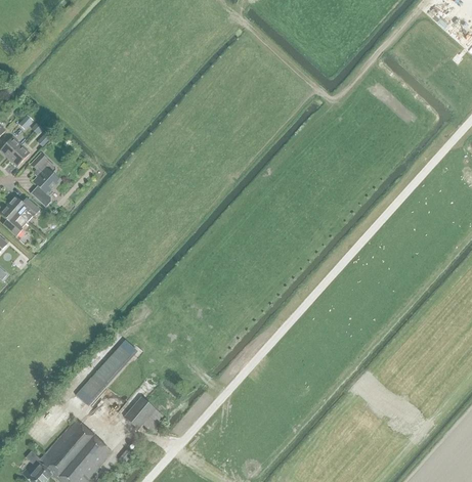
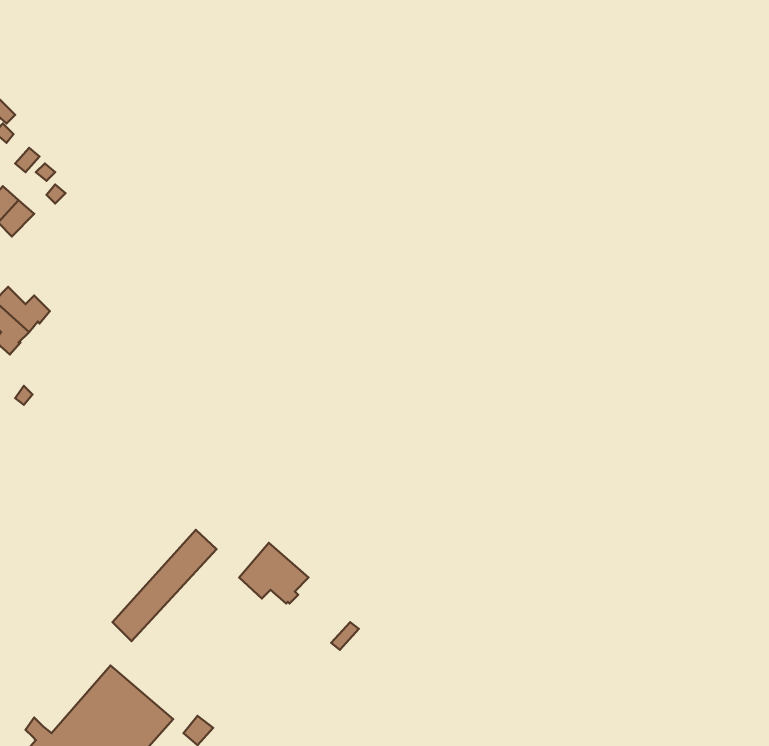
building: [31,154,61,206] -> none
building: [125,396,166,432] -> [239,543,309,604]

